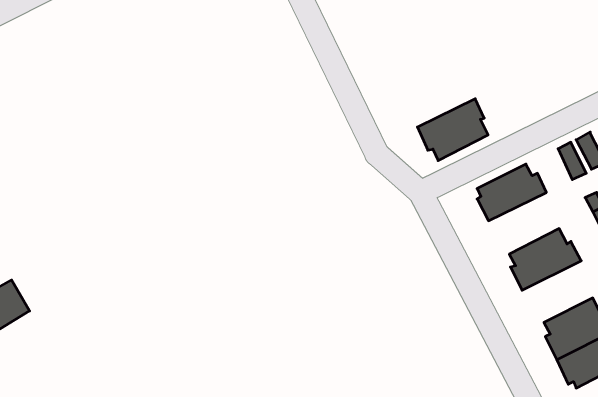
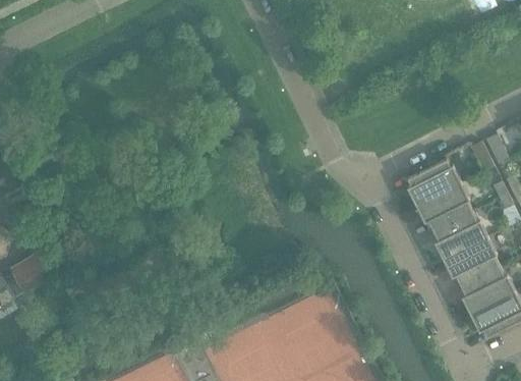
building: [417,99,488,161] -> [414,181,470,230]
building: none -> [441,235,497,284]

